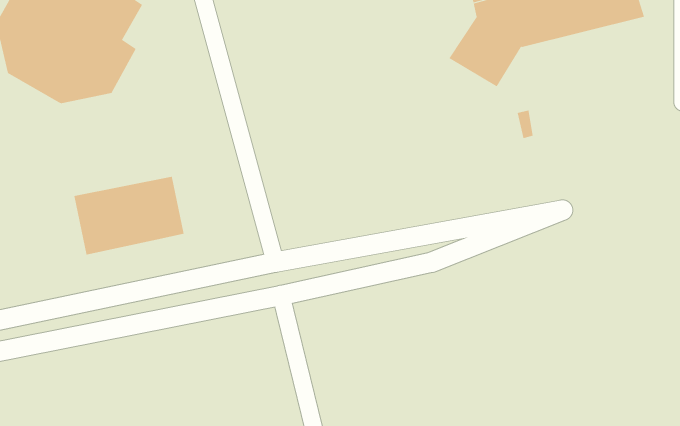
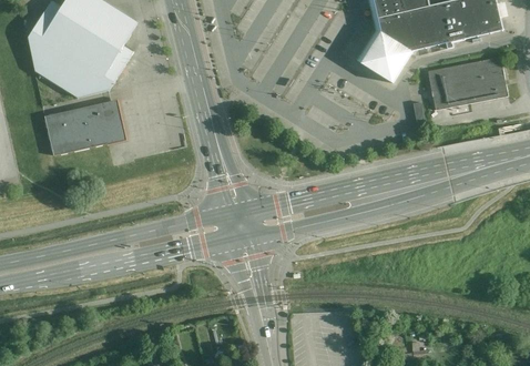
building: none -> [424,54,506,108]
building: [74,176,185,255] -> [42,94,123,152]

